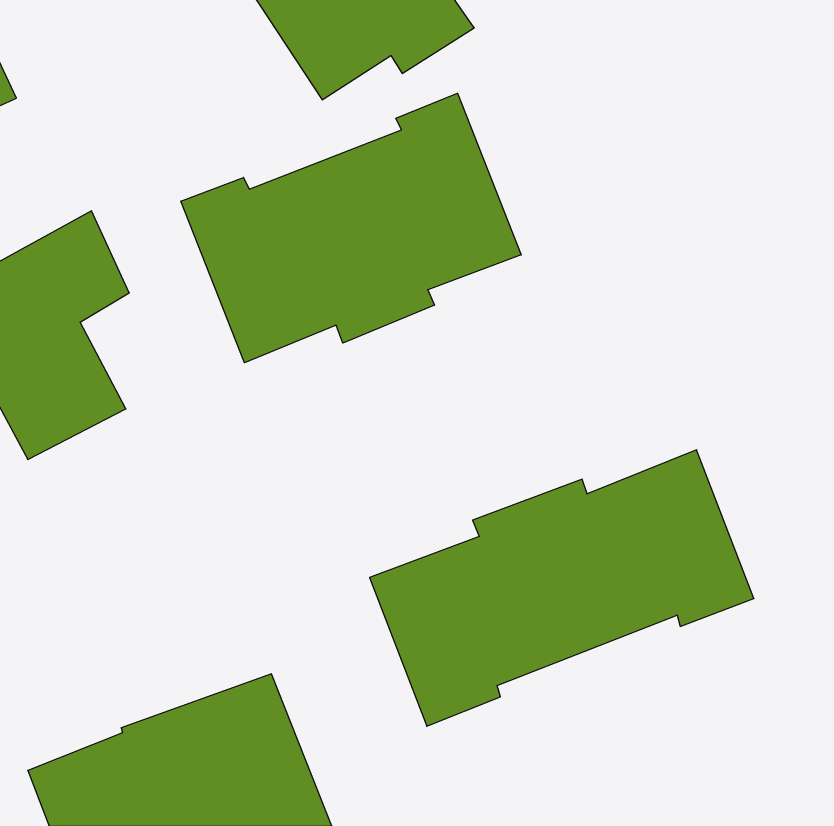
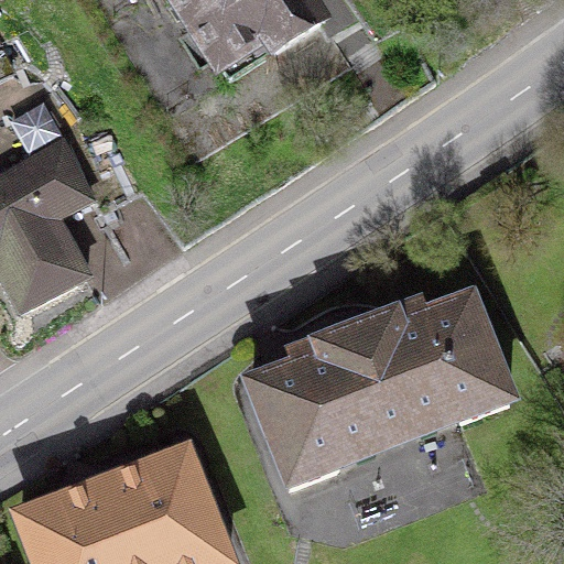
building: [181,93,521,363] -> none

